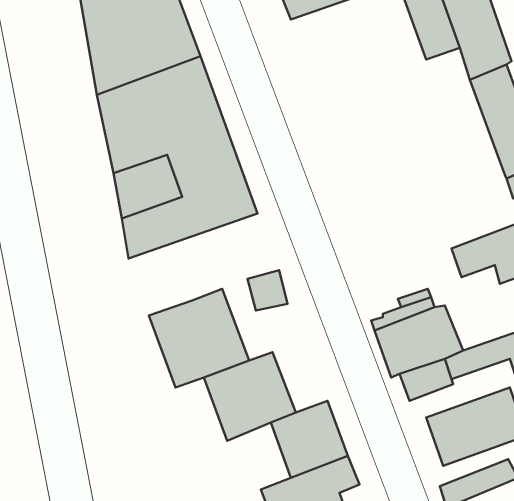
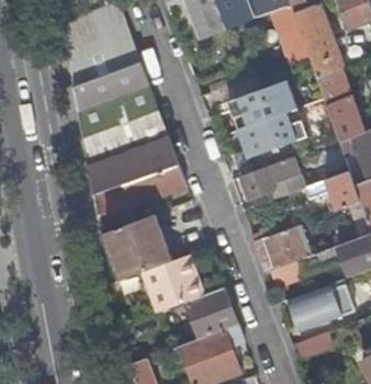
building: none -> [228,79,307,157]
building: none -> [240,157,304,200]
building: none -> [92,165,186,234]

